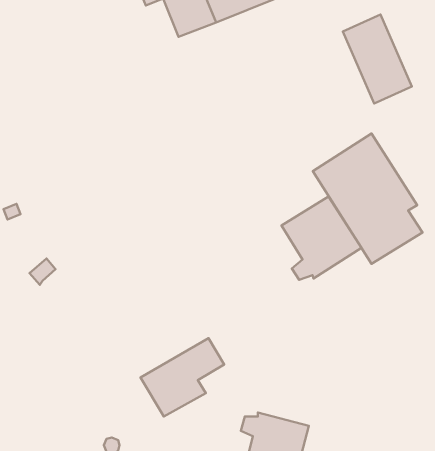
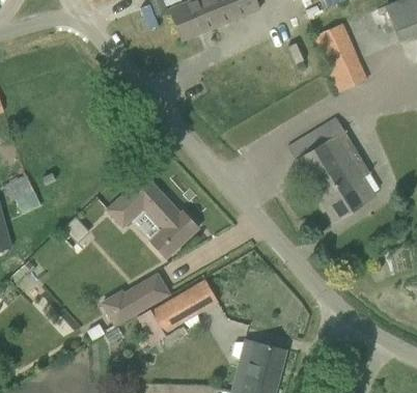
building: [281,197,361,280] -> none
building: none -> [108,172,199,258]
building: none -> [104,275,168,324]

